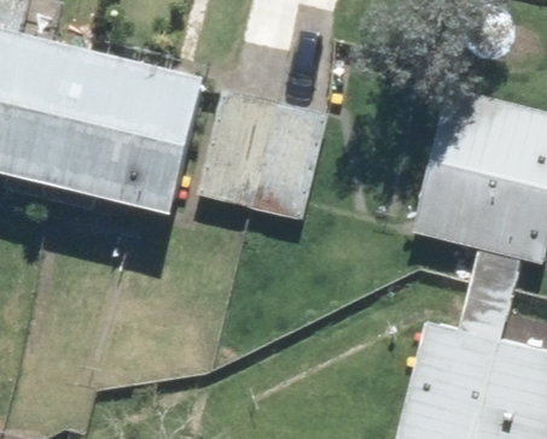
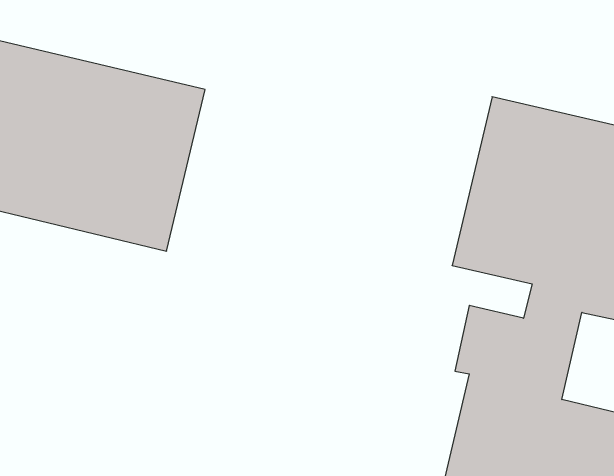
building: [191,71,334,221] -> none

